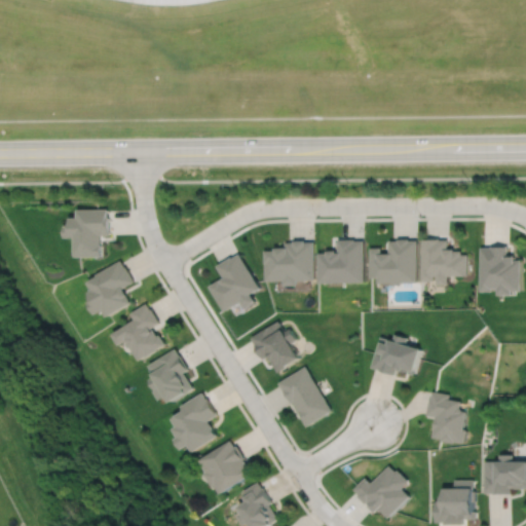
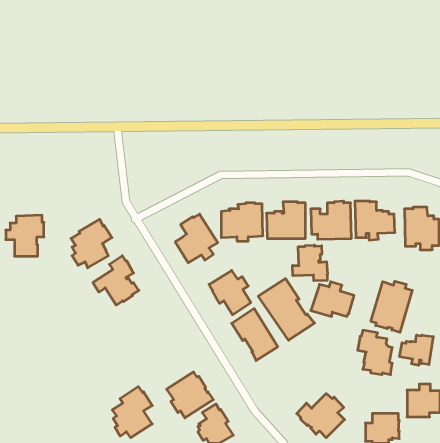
building: [62,209,107,257] -> [6,215,44,256]
building: none -> [293,245,328,281]
building: none -> [258,279,315,340]
building: none -> [371,281,412,332]
building: [146,348,193,405] -> none
building: [170,392,217,453] -> [112,387,152,438]
building: none -> [400,335,433,365]

